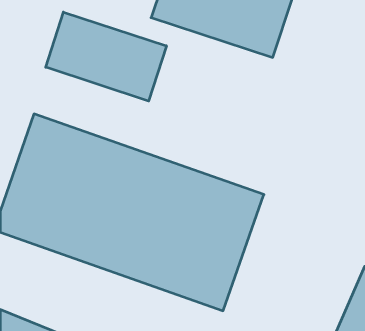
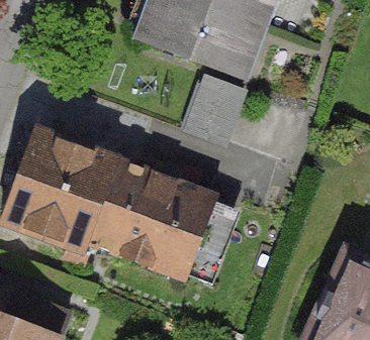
building: [46,12,166,101] -> none

